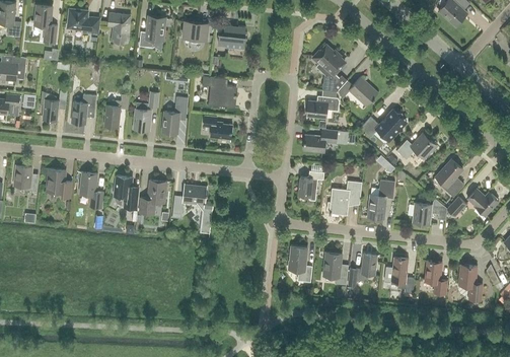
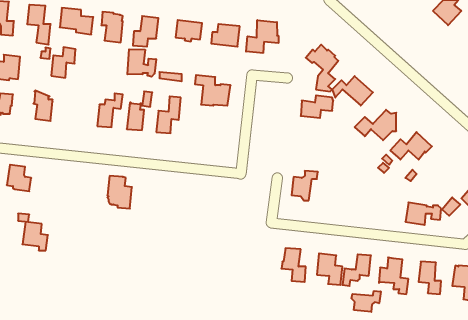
building: none -> [246,20,278,53]
building: none -> [127,49,156,77]
building: [71,93,95,124] -> [51,47,76,78]
building: [203,116,231,139] -> none
building: [302,129,348,152] -> none
building: [435,159,463,197] -> none
building: [46,168,71,197] -> [22,222,48,250]
building: [79,171,102,207] -> none
building: [139,180,165,214] -> none
building: [368,180,394,218] -> none
building: [326,181,361,214] -> none
building: [172,183,213,238] -> none
building: none -> [352,291,381,312]

